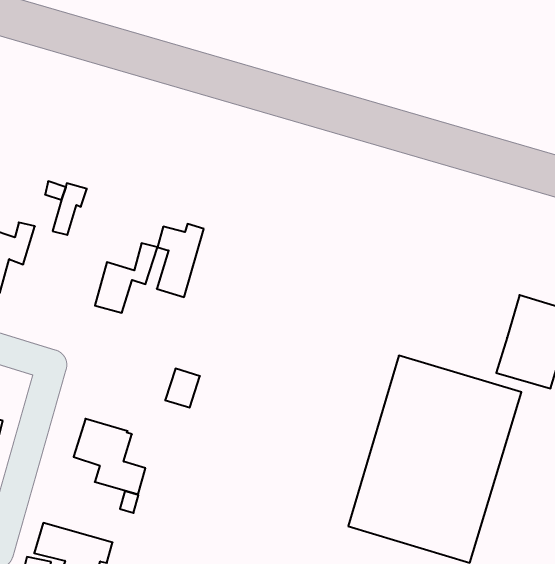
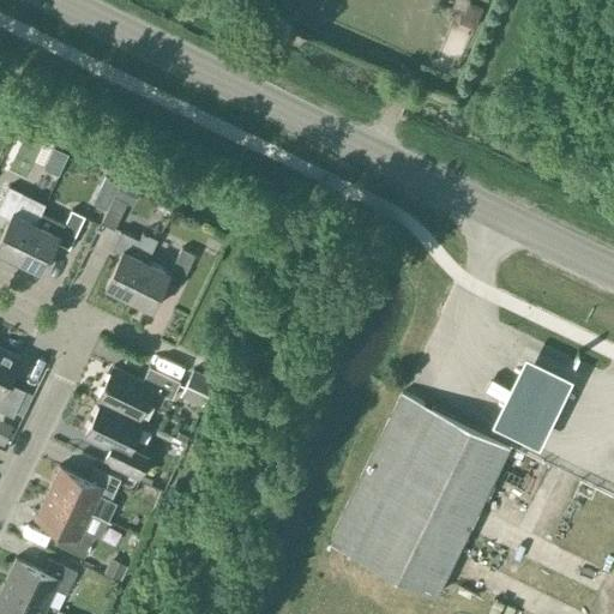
building: [157,224,204,297] -> [106,234,158,302]
building: none -> [98,371,181,423]
building: none -> [48,469,122,524]

